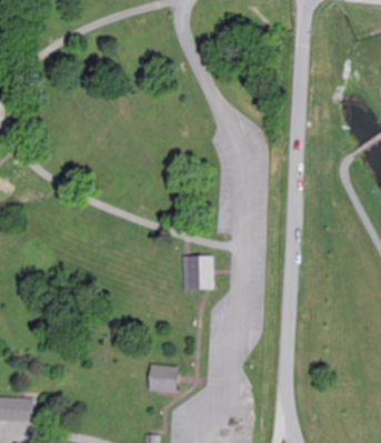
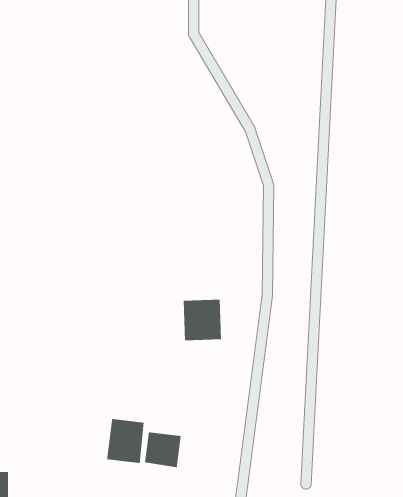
building: none -> [107,418,144,464]

